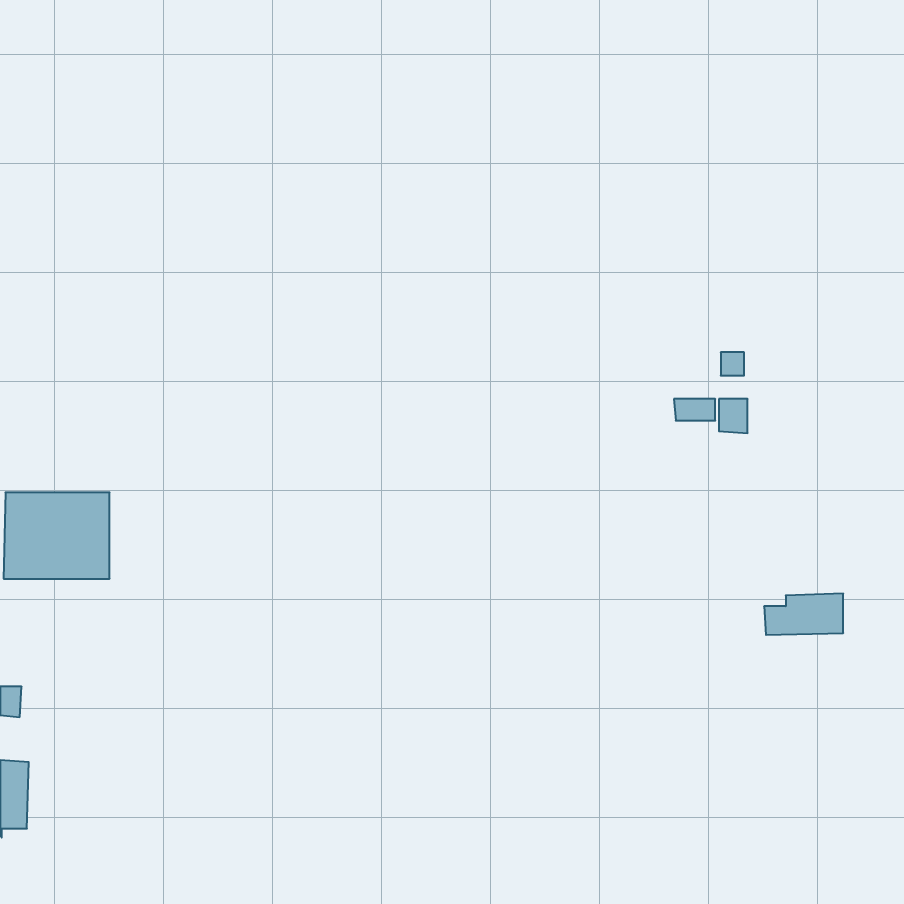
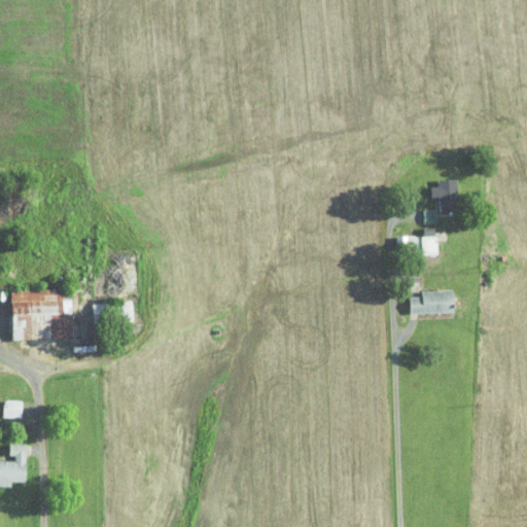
building: none -> [436,180,456,212]
building: [764,594,843,635] -> [408,290,453,314]

